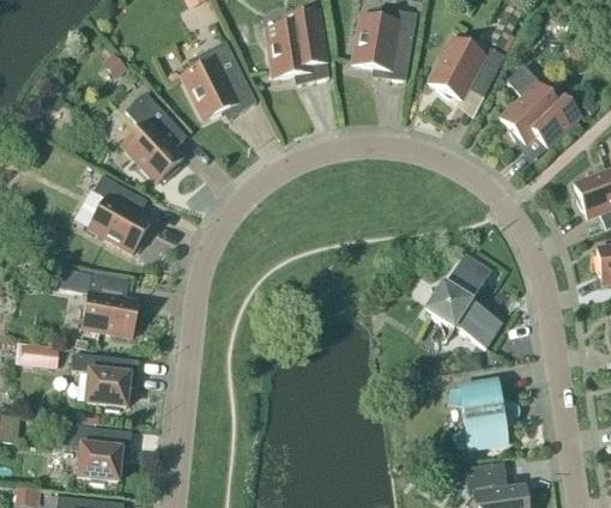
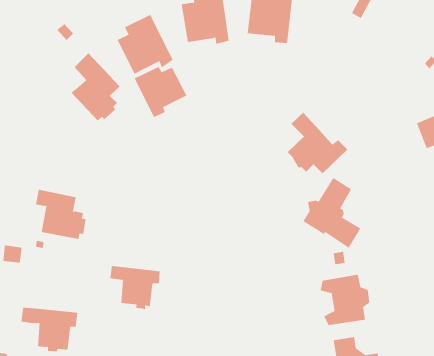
building: [429,37,504,99] -> none
building: [500,65,580,146] -> [287,112,348,174]
building: none -> [134,66,187,118]
building: [87,174,150,252] -> none
building: [71,352,138,410] -> [109,266,161,310]

